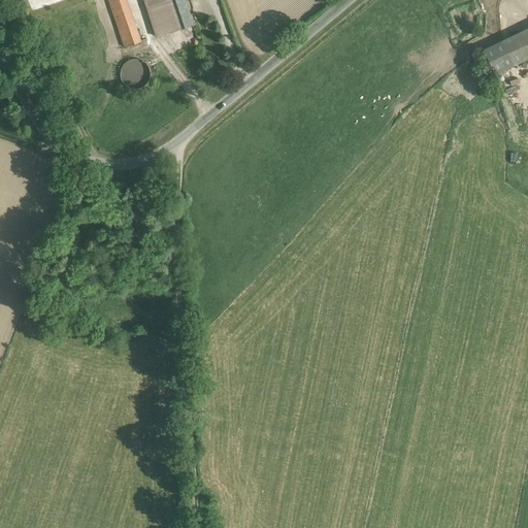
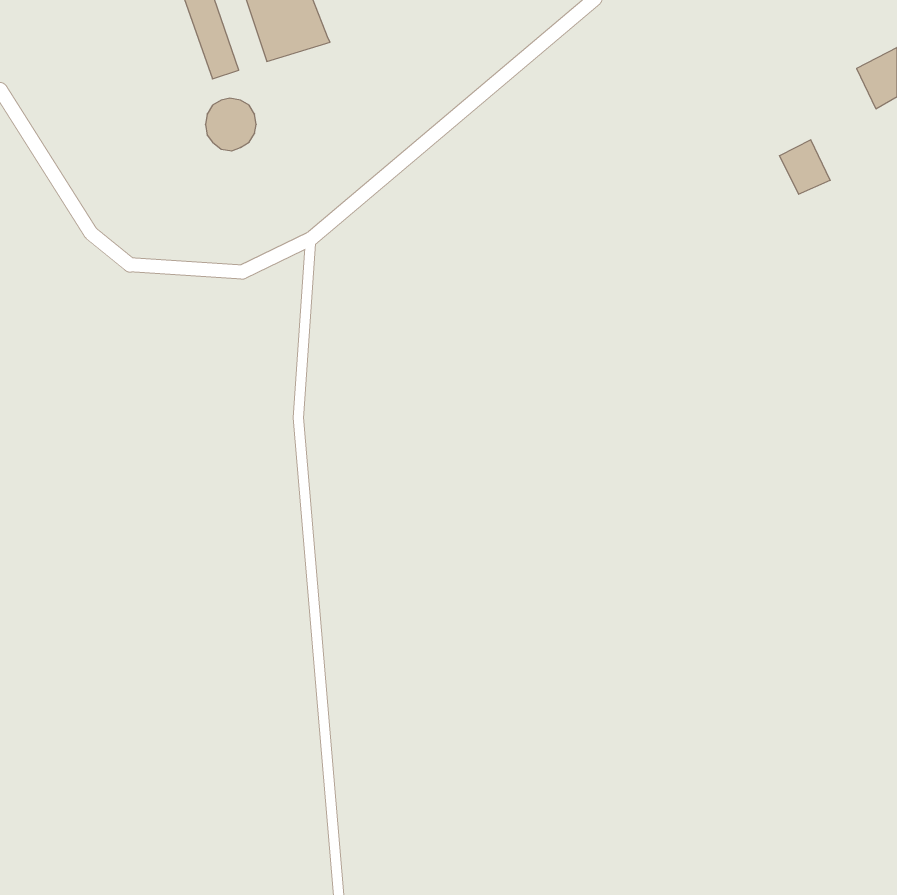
building: [485,40,515,72] -> [779,140,830,194]

